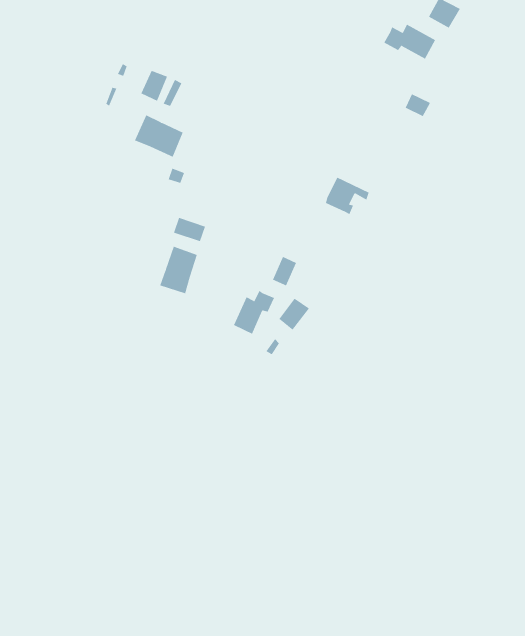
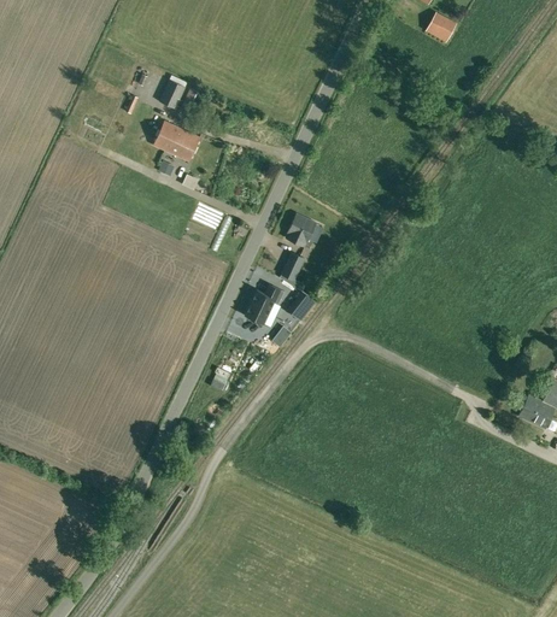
building: [384,24,436,60] -> none
building: [325,177,369,215] -> [286,213,327,248]
building: [160,246,198,294] -> none

